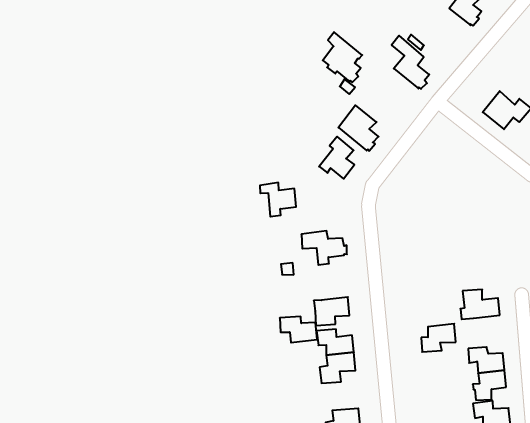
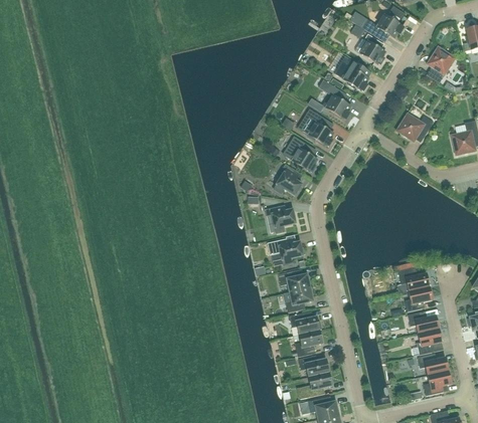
building: none -> [334,55,369,90]
building: [323,32,362,82] -> [304,108,334,145]
building: [260,183,296,217] -> [266,205,296,232]
building: [280,317,317,343] -> [279,270,310,291]
building: [421,324,456,352] -> [406,285,433,310]
building: none -> [299,355,329,376]

